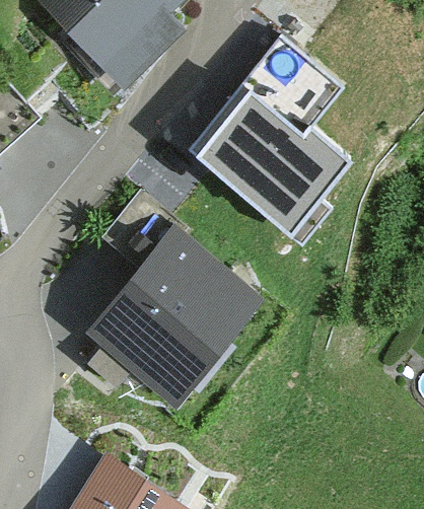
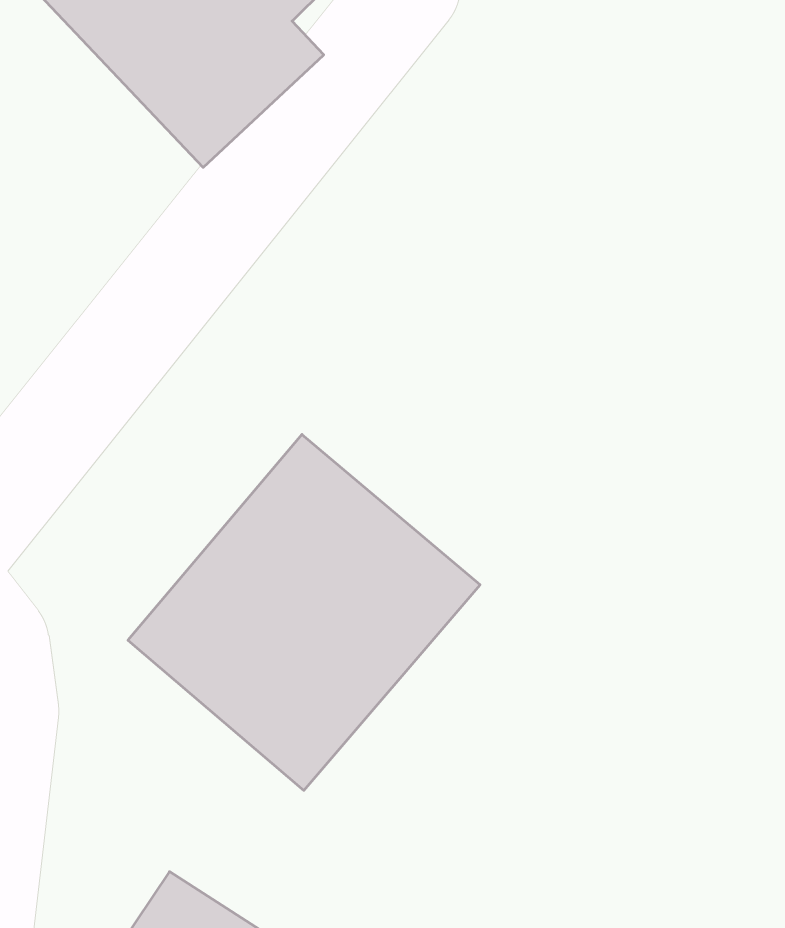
building: [191,44,342,229] -> none

